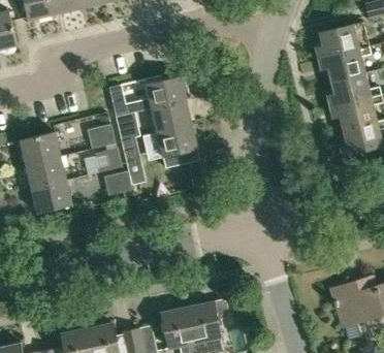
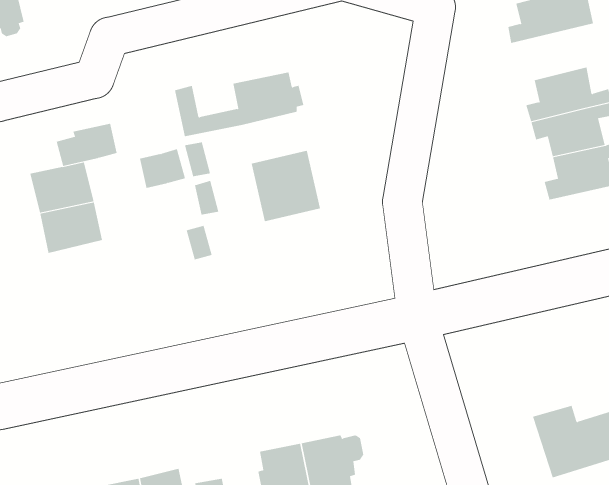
building: [318,45,372,81] -> none
building: [152,100,192,132] -> none
building: [84,148,122,174] -> [56,123,117,166]
building: [31,180,71,213] -> none

